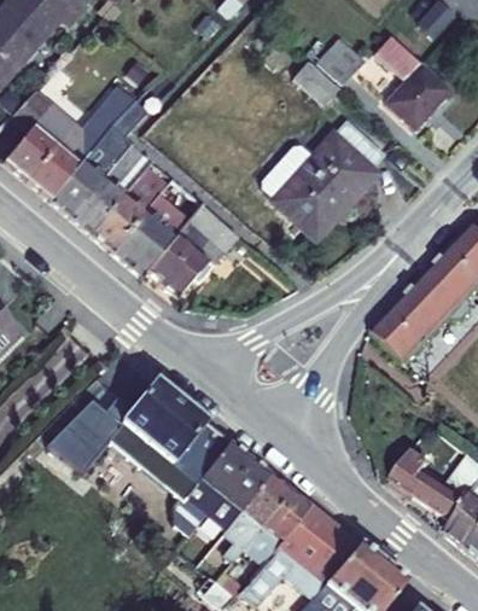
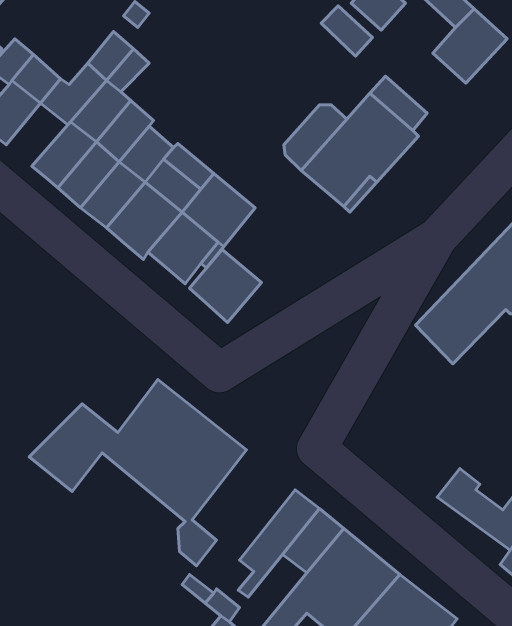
building: [28,145,80,198] -> none
building: none -> [189,250,262,323]
building: [185,437,272,530] -> none

